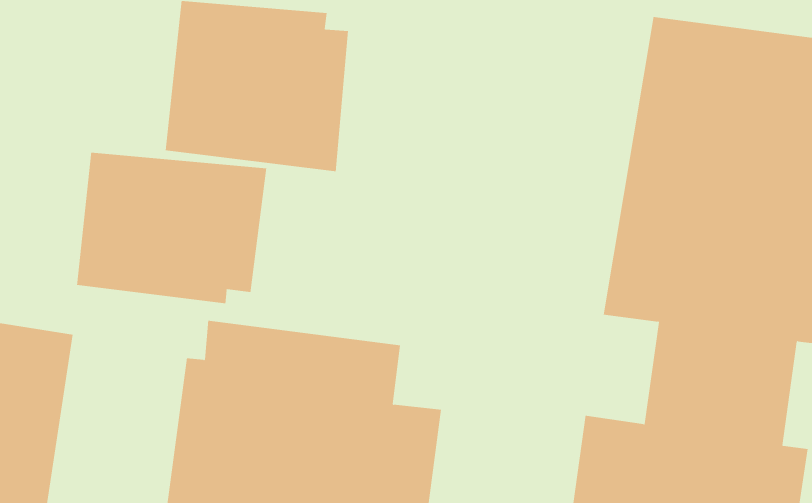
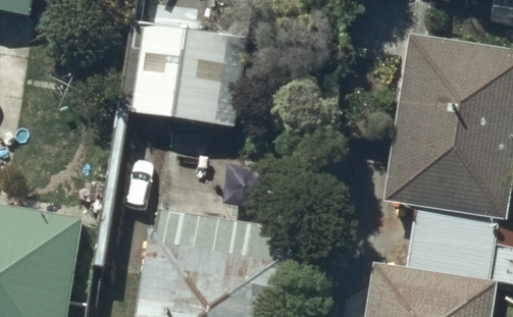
building: [77,152,267,304] -> none

